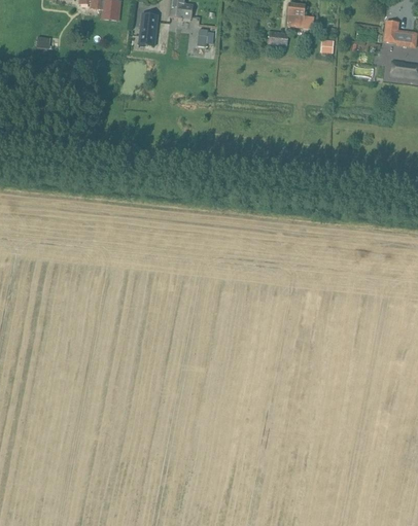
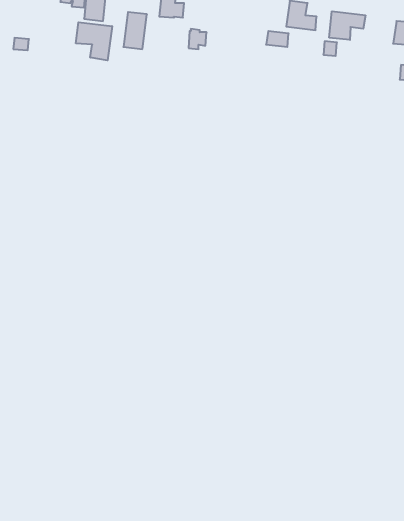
building: none -> [329,11,365,40]
building: none -> [76,22,112,60]

